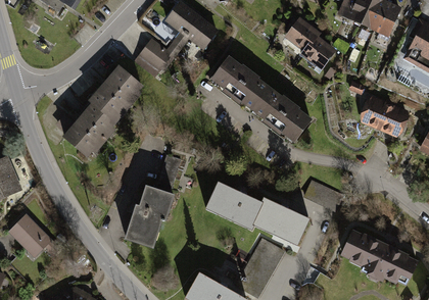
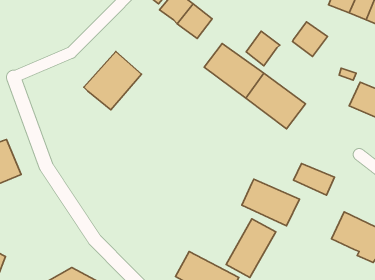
building: [284,16,319,52] -> [246,31,280,66]
building: [137,32,187,74] -> none
building: [64,105,117,156] -> none
building: [121,152,177,243] -> none
building: [203,181,259,227] -> none
building: [6,214,52,259] -> none

